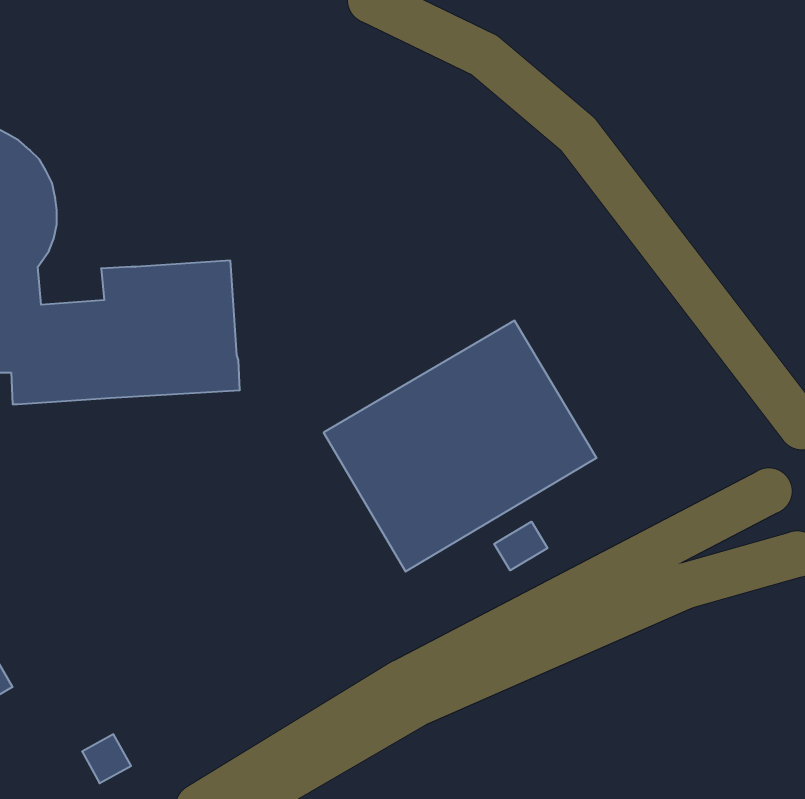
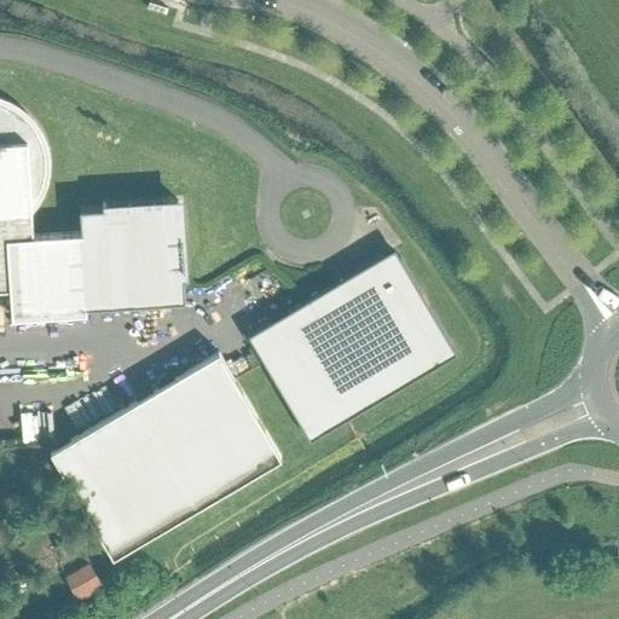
building: none -> [48,355,279,561]
building: [494,522,547,570] -> none

